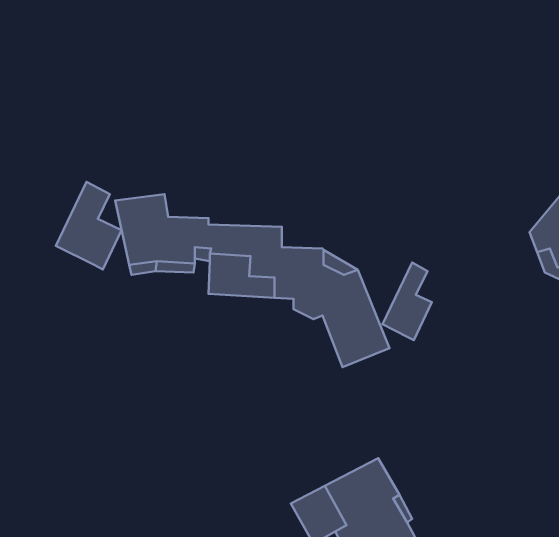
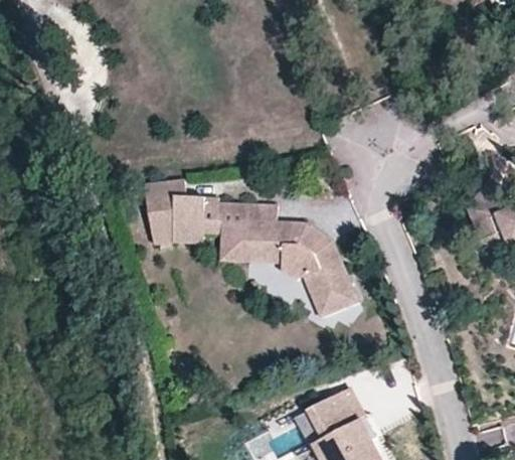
building: [56,182,122,270] -> none
building: [383,262,432,340] -> none

